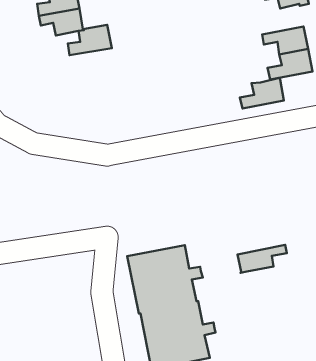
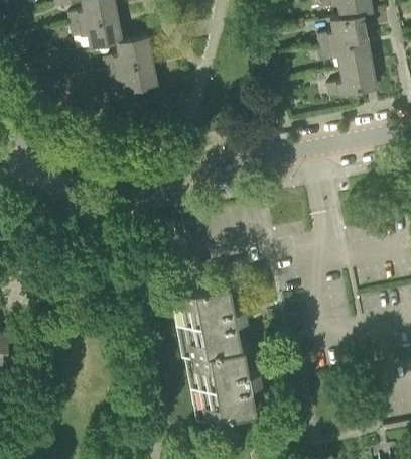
building: none -> [105,65,156,95]
building: [240,78,284,108] -> [317,15,367,49]
building: [237,245,287,273] -> none

